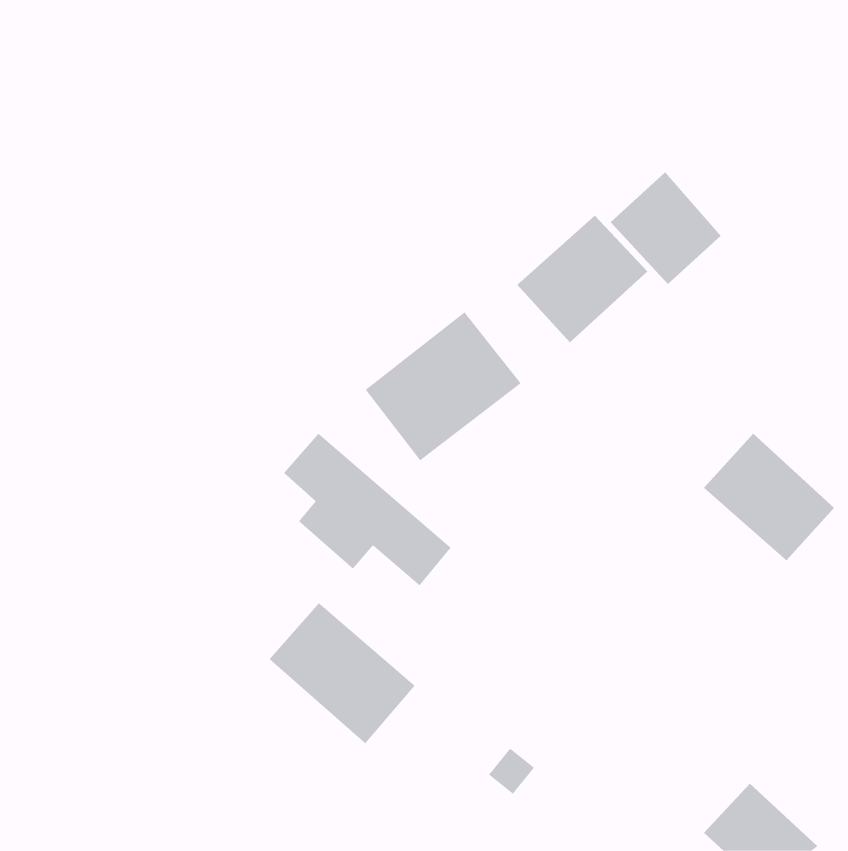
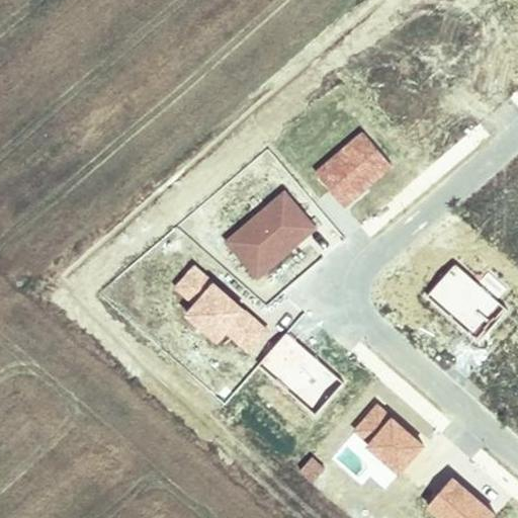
building: [610,172,721,285] -> none
building: [269,603,415,744] -> [256,331,345,417]
building: none -> [351,404,421,471]

